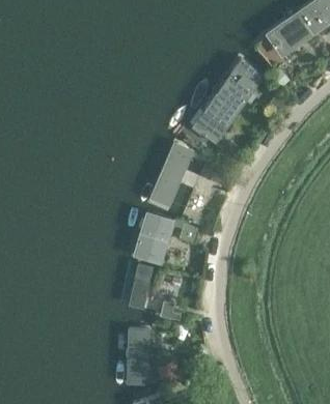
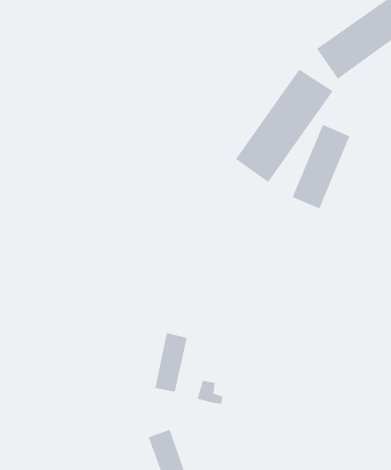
building: [147,141,193,207] -> [292,124,350,209]
building: [132,210,174,265] -> none

